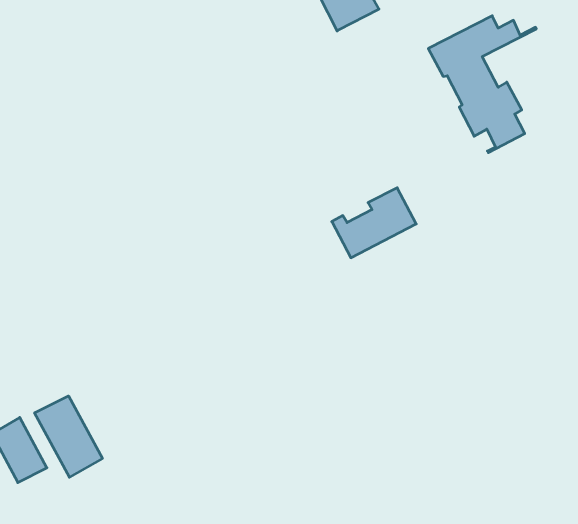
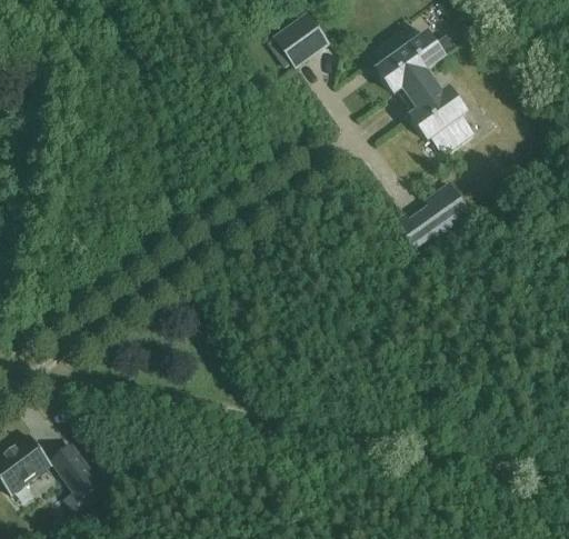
building: [332,188,416,258] -> [397,184,470,251]
building: [35,396,102,477] -> none

